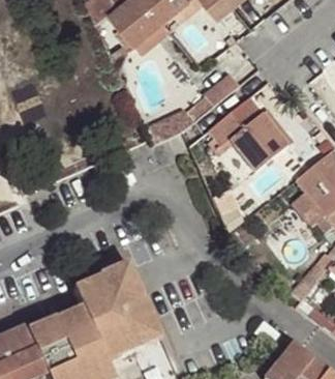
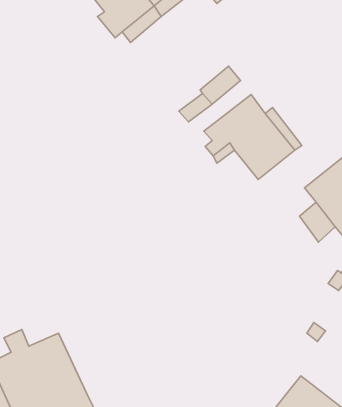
building: [71,260,161,360] -> none

